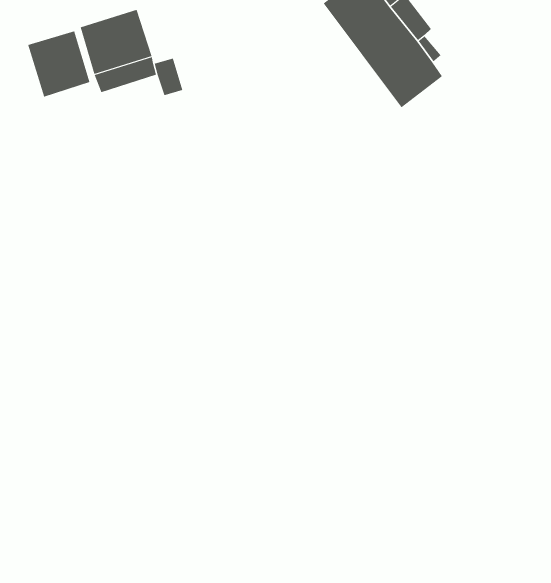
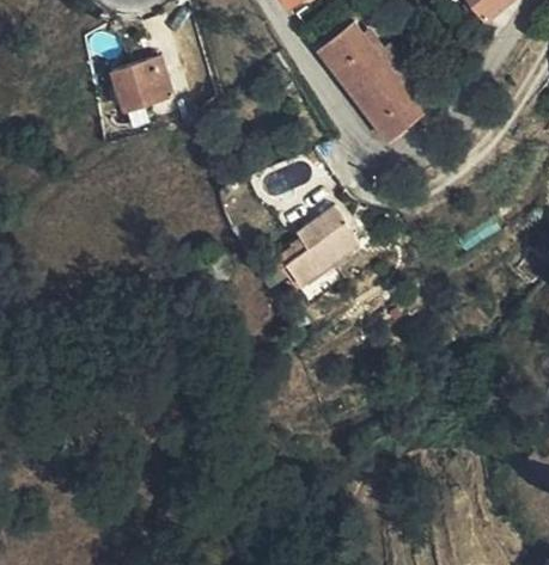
building: [27,30,90,98] -> none
building: none -> [287,205,358,283]

